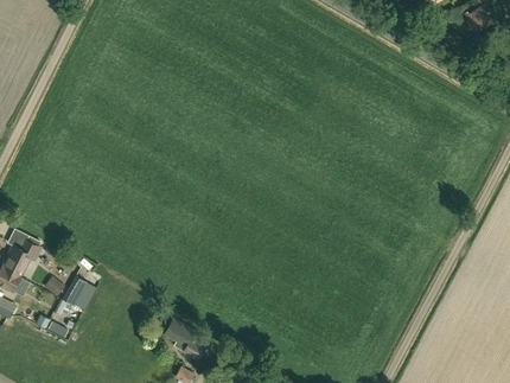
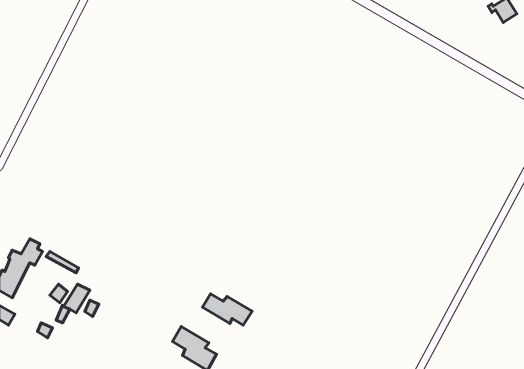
building: none -> [202,294,252,325]

